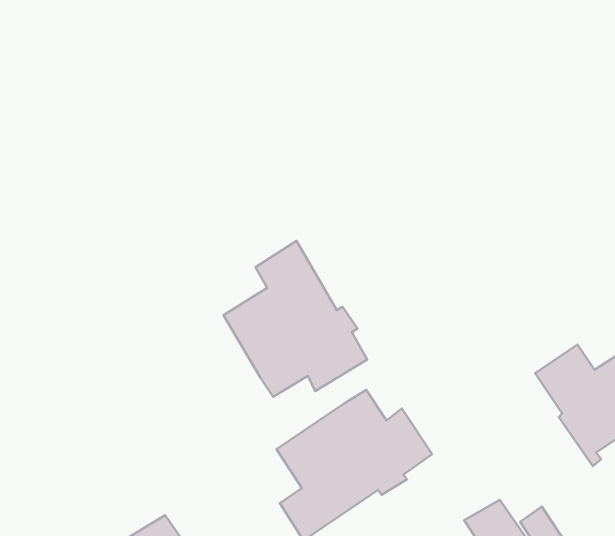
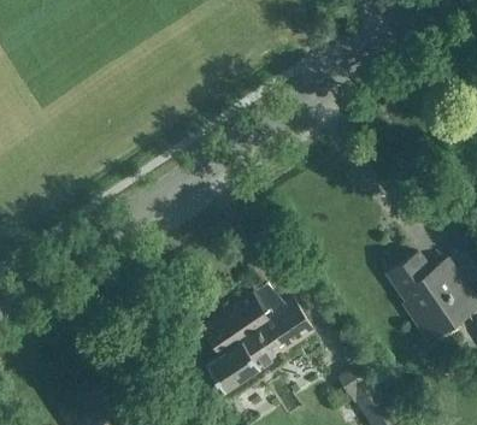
building: [224,241,367,397] -> none

